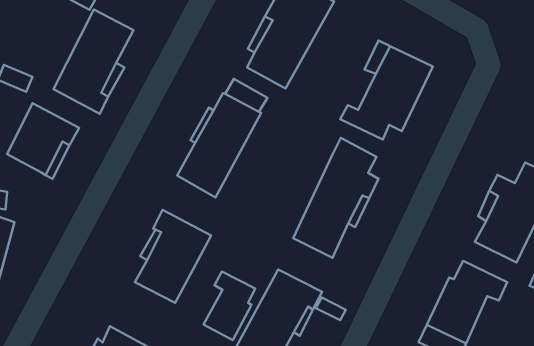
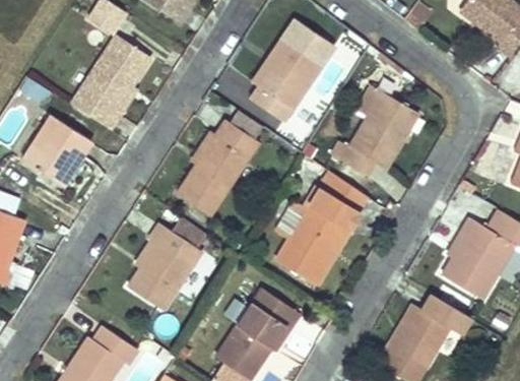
building: [203,271,255,340] -> none

